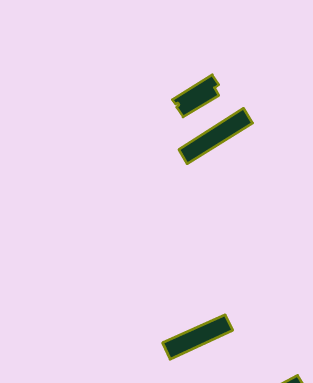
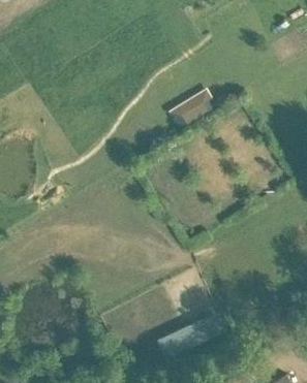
building: [179,108,253,164] -> none

